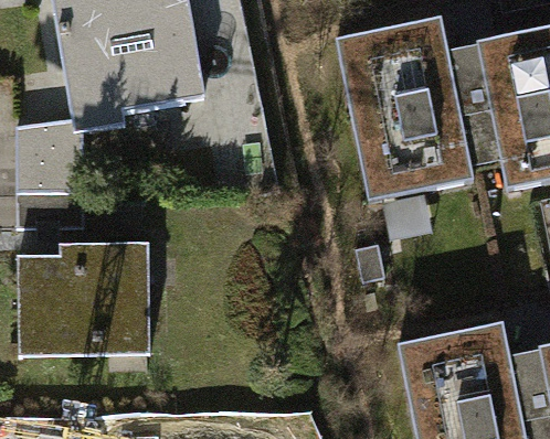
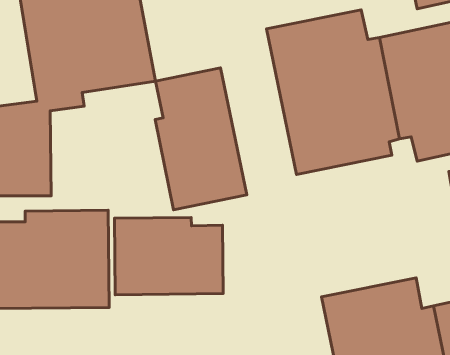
building: none -> [155,68,247,210]
building: none -> [114,217,223,295]

